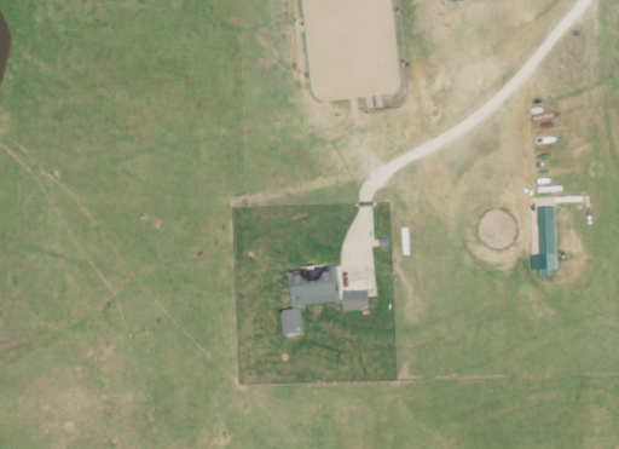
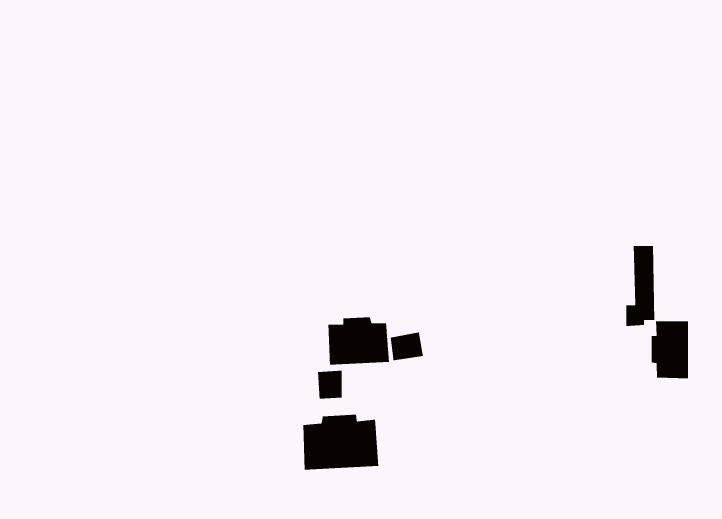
building: none -> [651,320,689,379]
building: none -> [303,414,379,471]

